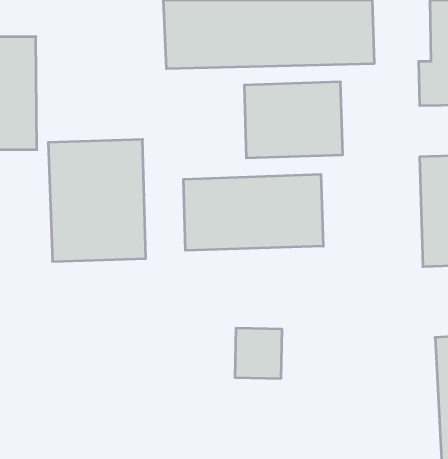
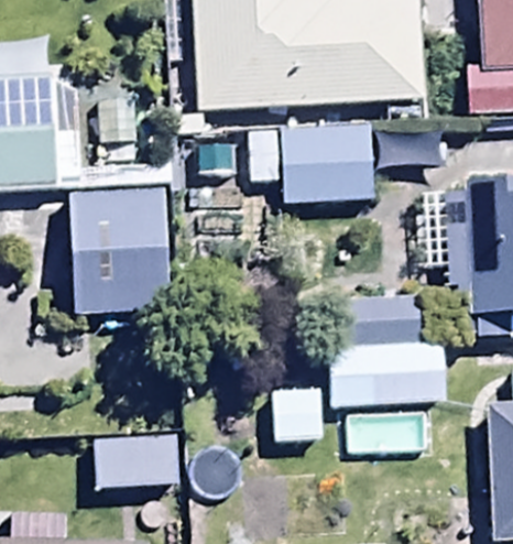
building: [183,174,323,250] -> none
building: none -> [335,322,450,390]

